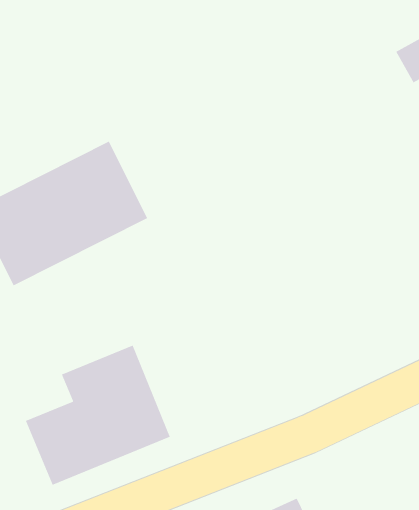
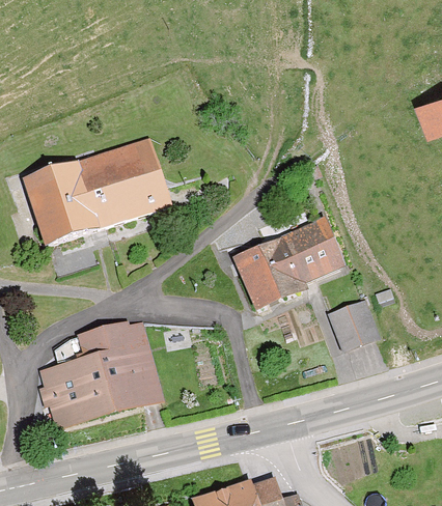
building: none -> [234,217,349,317]
building: none -> [328,297,386,354]

